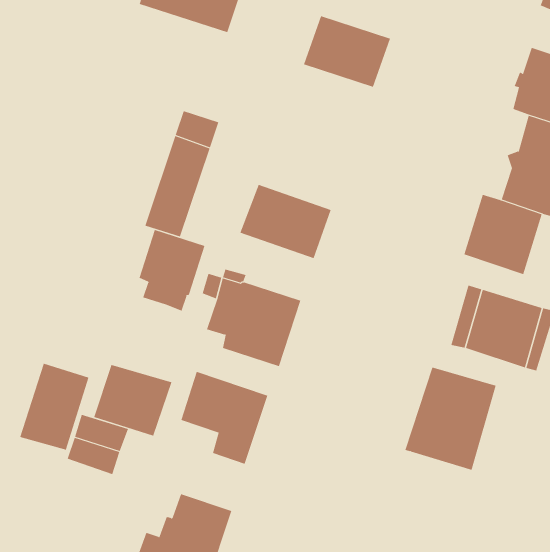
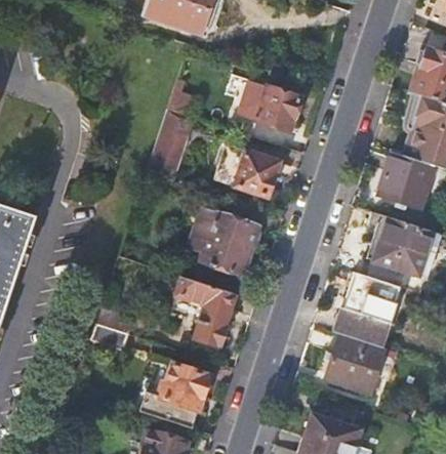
building: [303,15,391,87] -> [239,82,301,133]
building: [139,229,205,312] -> none
building: [20,363,89,451] -> none
building: [93,364,172,436] -> none
building: none -> [324,335,384,393]

